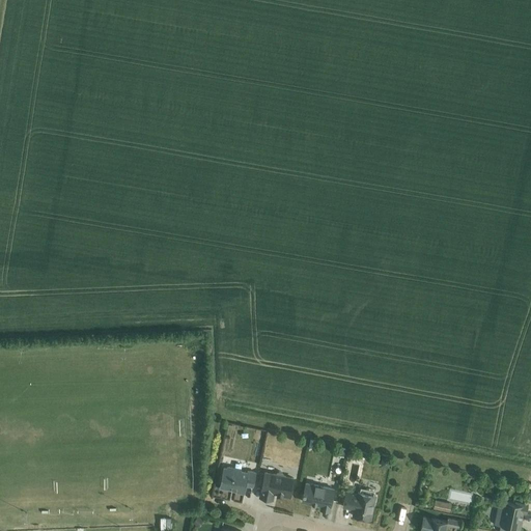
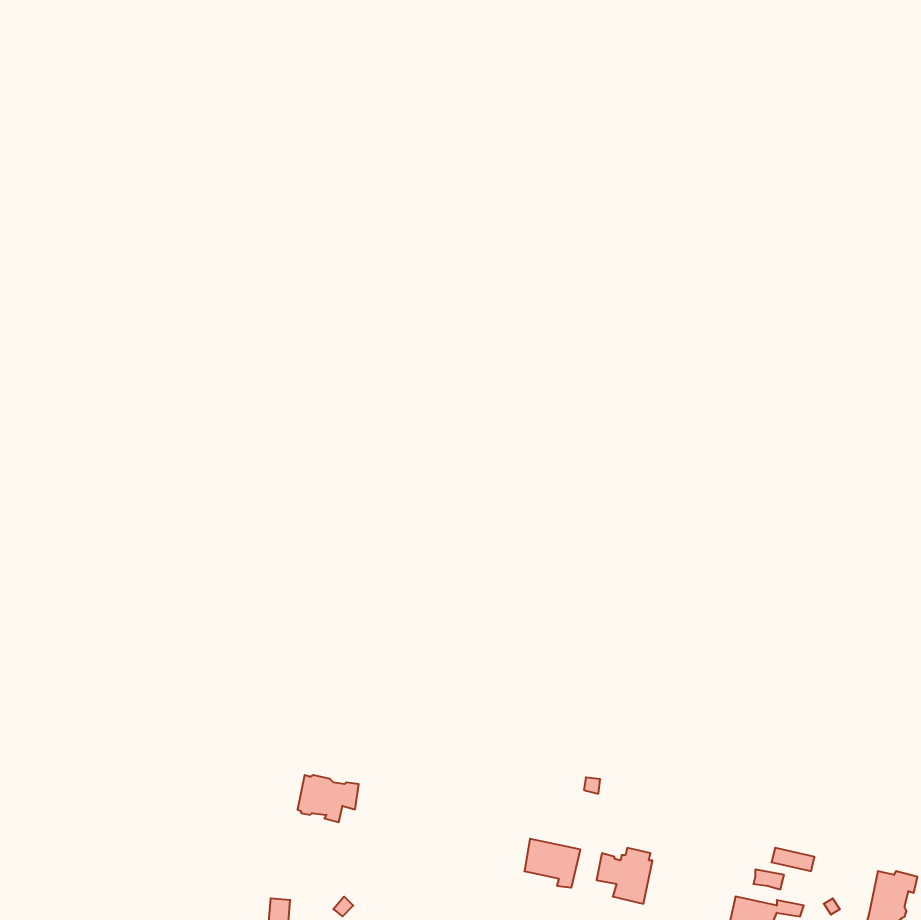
building: [220,468,255,495] -> [297,775,359,822]
building: [260,472,294,500] -> none

